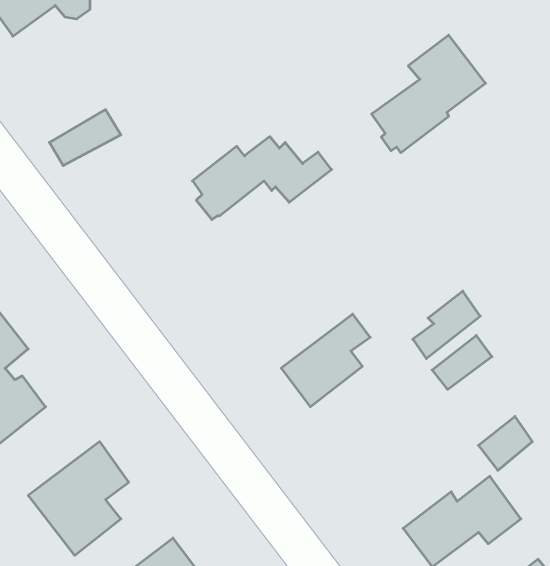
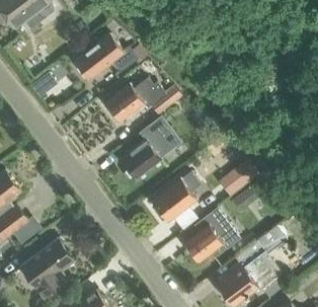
building: [372,35,486,153] -> [121,117,180,178]
building: none -> [74,33,137,79]
building: none -> [184,208,240,261]

